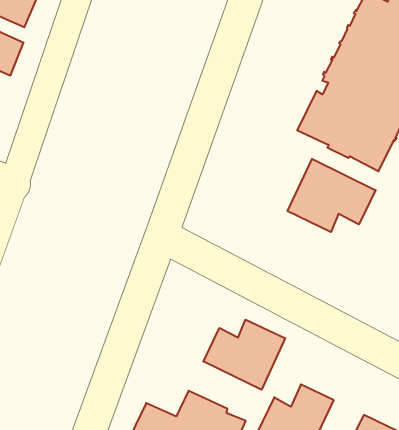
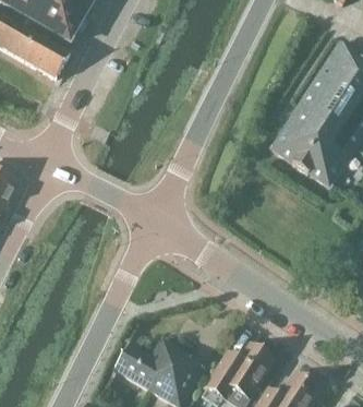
building: [288,159,376,232] -> none
building: [203,320,285,390] -> none

